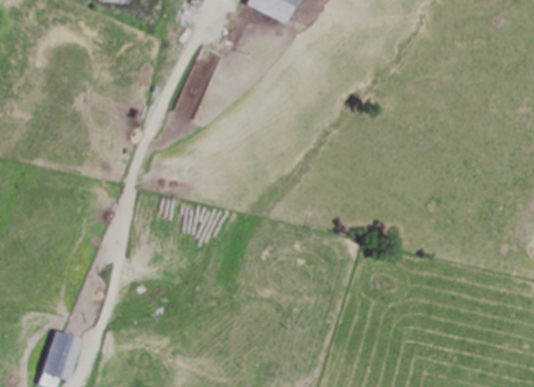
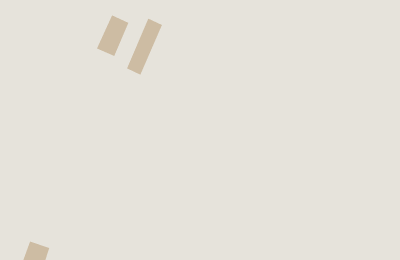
building: none -> [96,15,129,57]

